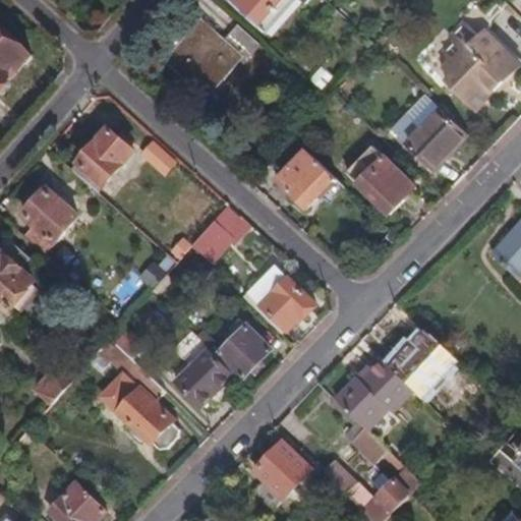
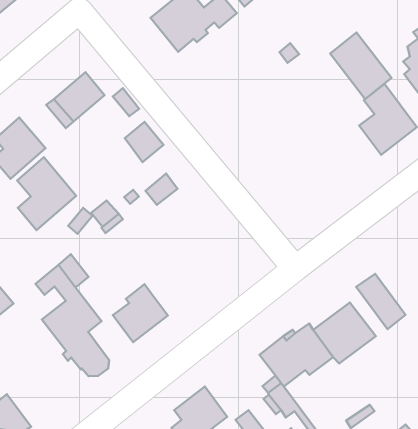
building: [345,144,413,214] -> [330,32,391,99]
building: [277,148,336,207] -> none
building: [210,201,251,244] -> [125,122,163,162]
building: none -> [17,157,76,230]
building: [246,264,314,329] -> none
building: none -> [356,274,405,329]
building: [212,321,269,379] -> none

